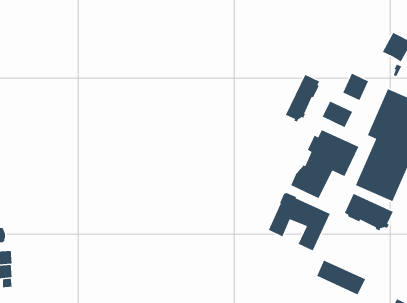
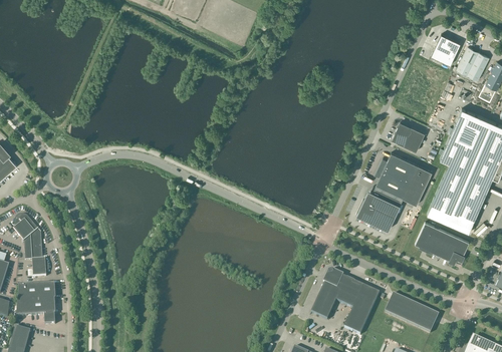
building: [342,72,369,101] -> [431,34,460,65]
building: [285,74,320,123] -> none
building: [268,192,331,251] -> [311,271,380,335]

